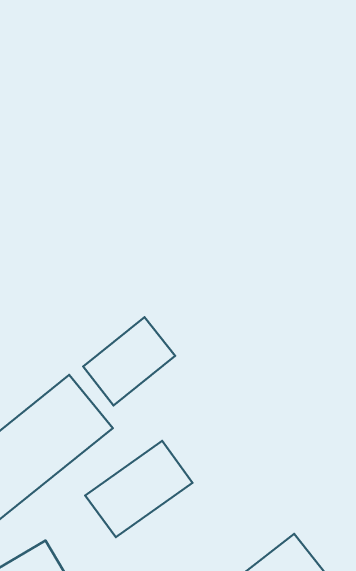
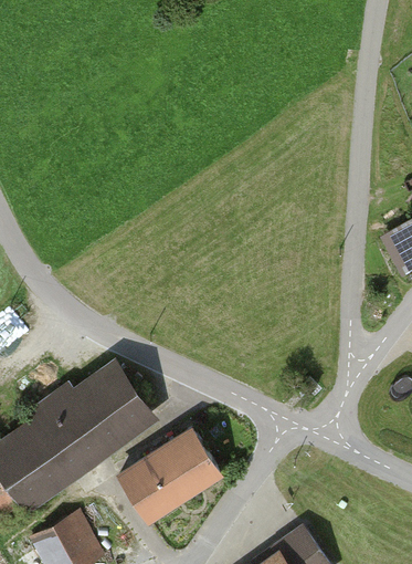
building: [83,317,175,405] -> none

